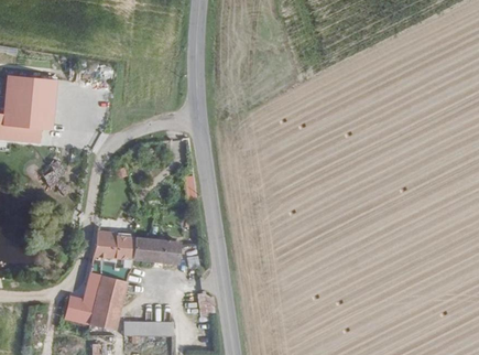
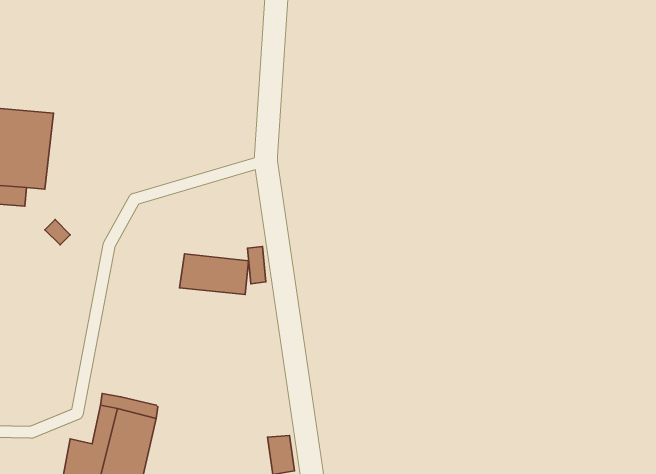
building: [92,234,131,259] -> none
building: [133,238,178,265] -> [179,254,249,294]

